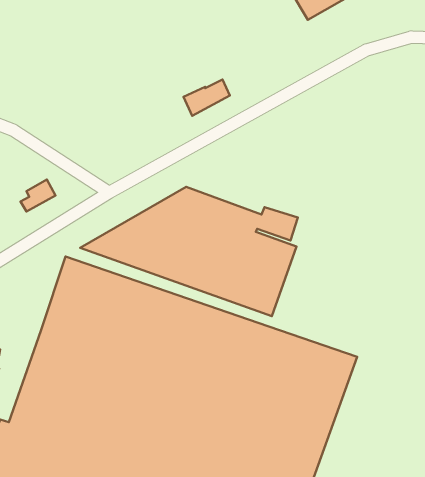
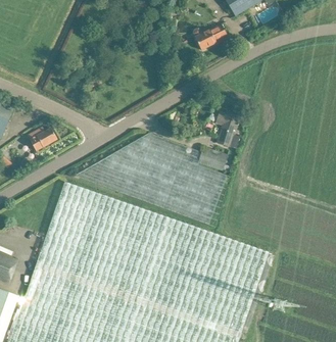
building: [183,80,230,116] -> [194,26,227,51]
building: none -> [215,112,239,147]

